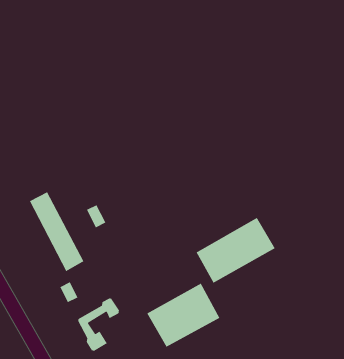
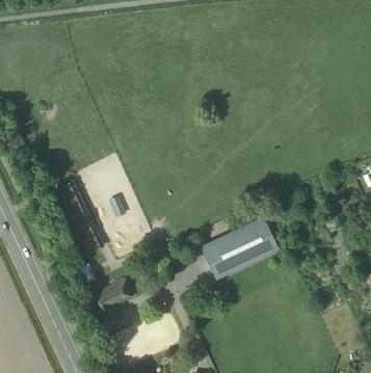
building: [146,282,220,348] -> none

